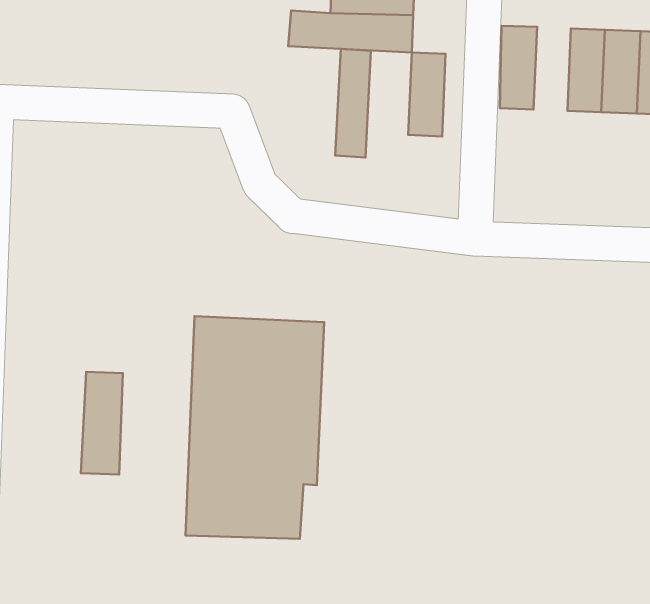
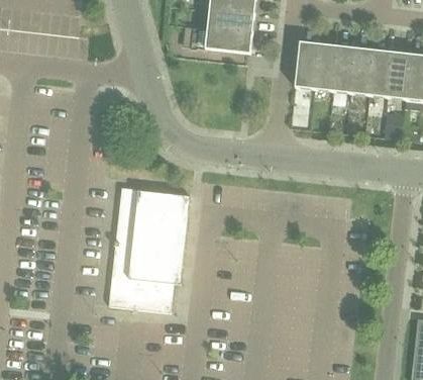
building: [335,49,371,158] -> none
building: [408,52,446,136] -> [313,43,336,90]
building: [81,372,123,475] -> none

